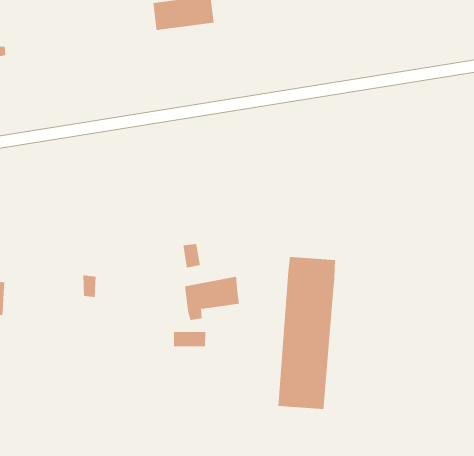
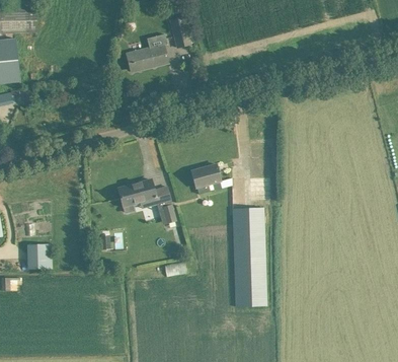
building: none -> [191,163,221,193]
building: [184,276,240,321] -> [118,178,156,211]

